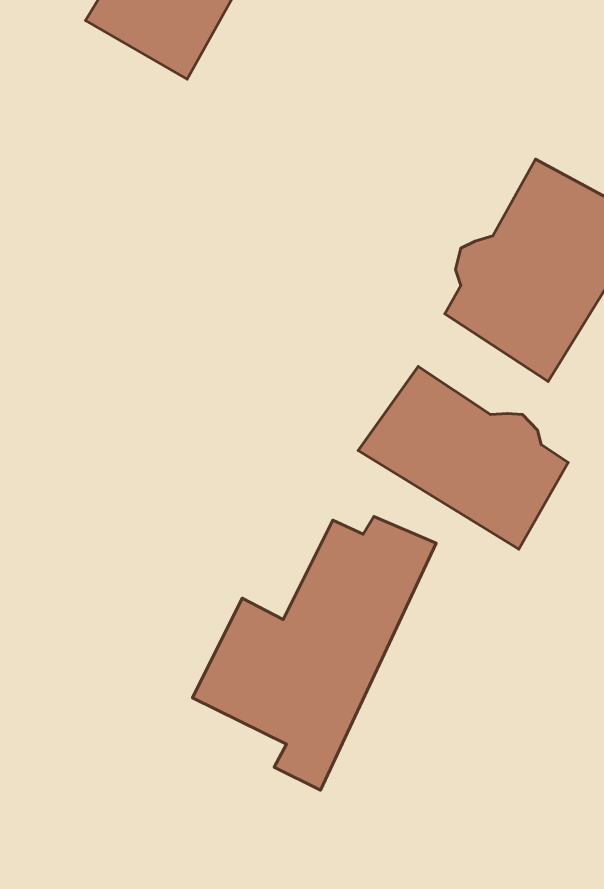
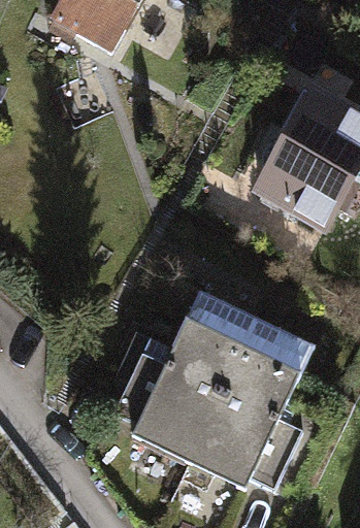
building: [358,367,568,549] -> none
building: none -> [188,322,306,490]

